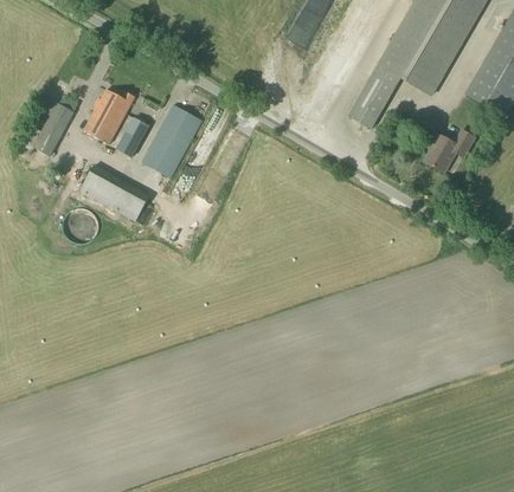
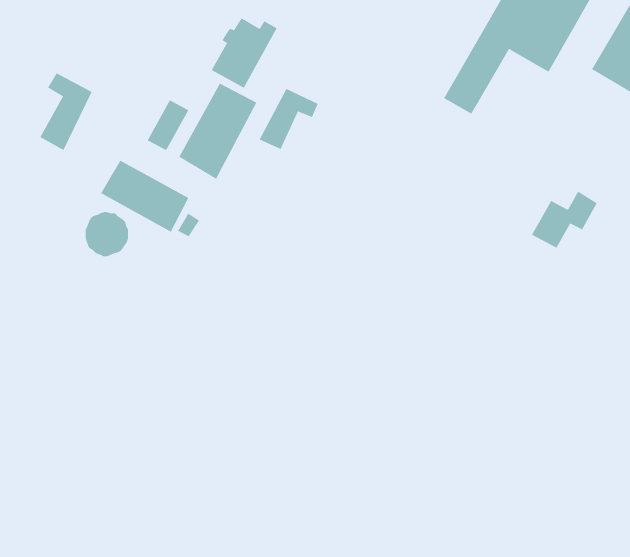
building: [83,89,135,144] -> [211,17,277,88]
building: none -> [259,88,318,150]
building: [424,128,476,173] -> [531,191,598,248]

